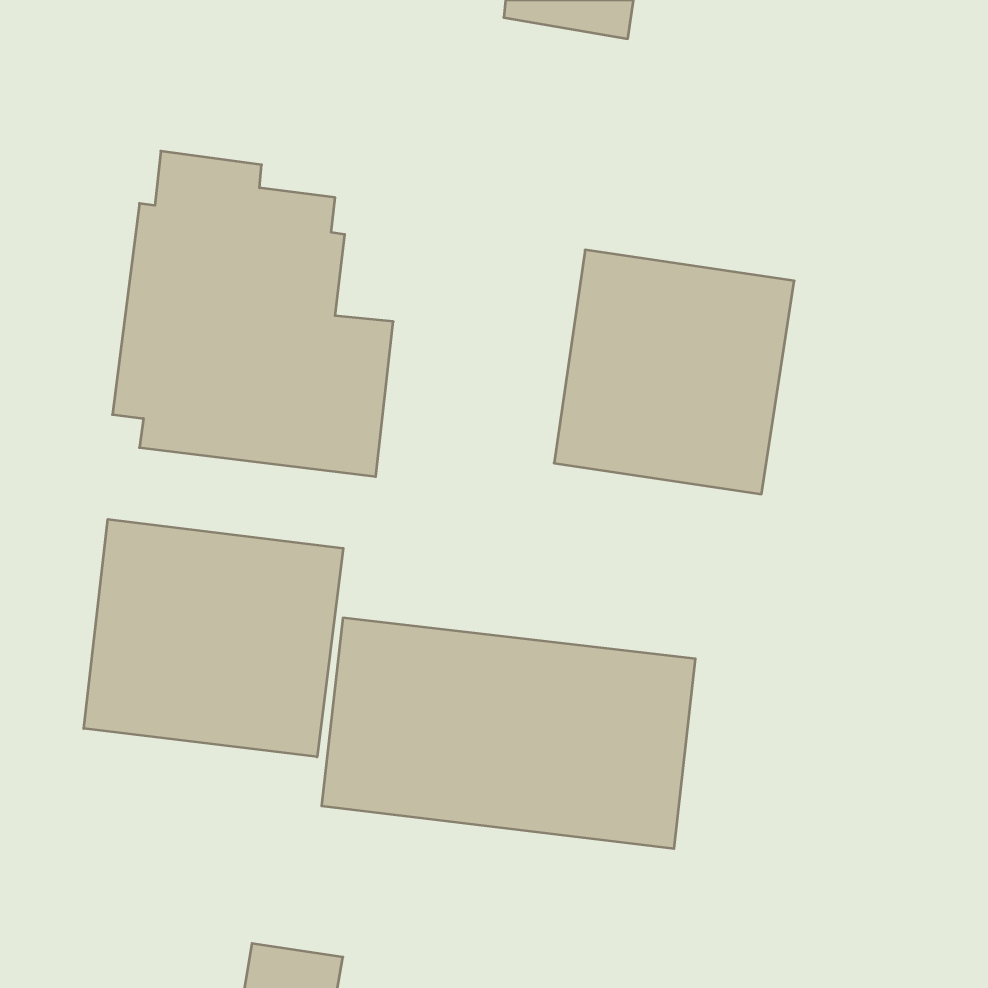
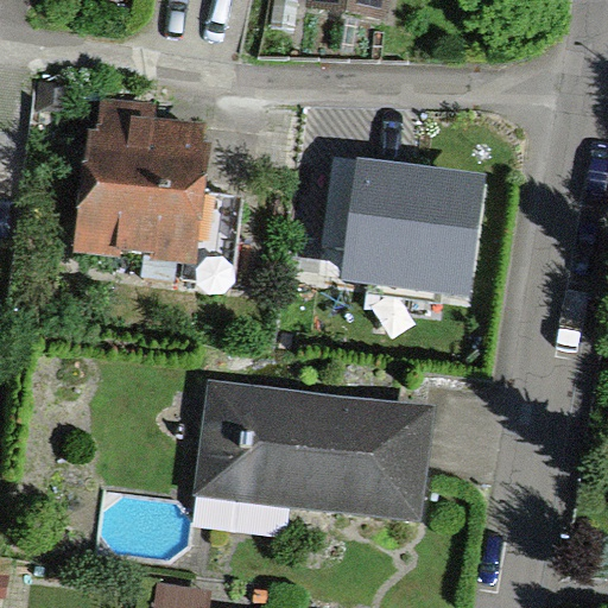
building: [84,519,343,757] -> none

